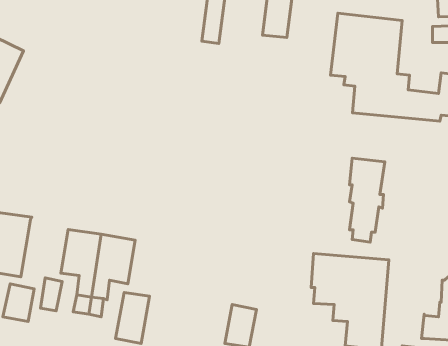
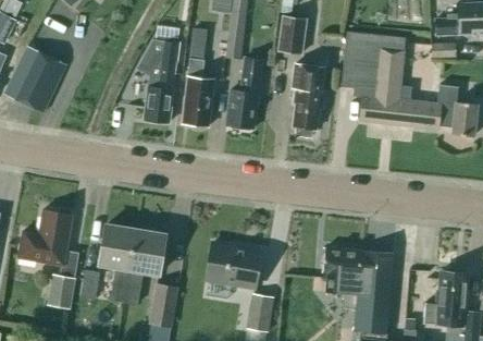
building: none -> [182,28,214,126]
building: none -> [137,40,179,123]
building: none -> [226,57,262,130]
building: [350,158,385,242] -> [293,63,324,138]
building: none -> [207,243,261,288]

